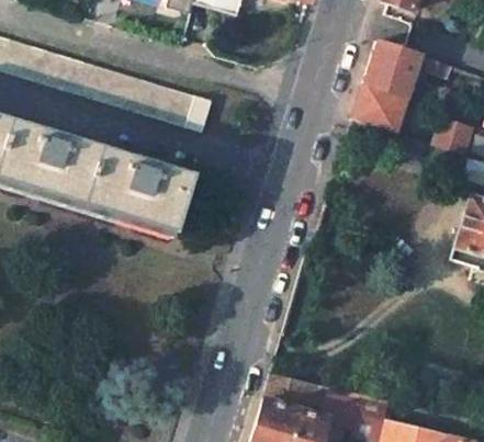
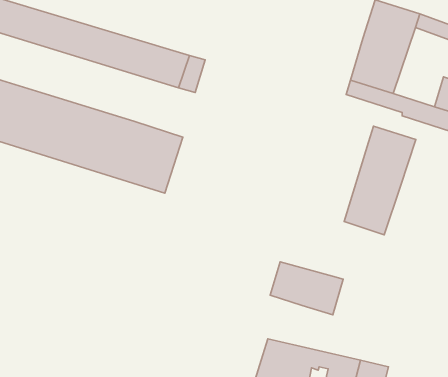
building: none -> [344,126,416,235]
building: none -> [270,262,343,315]

